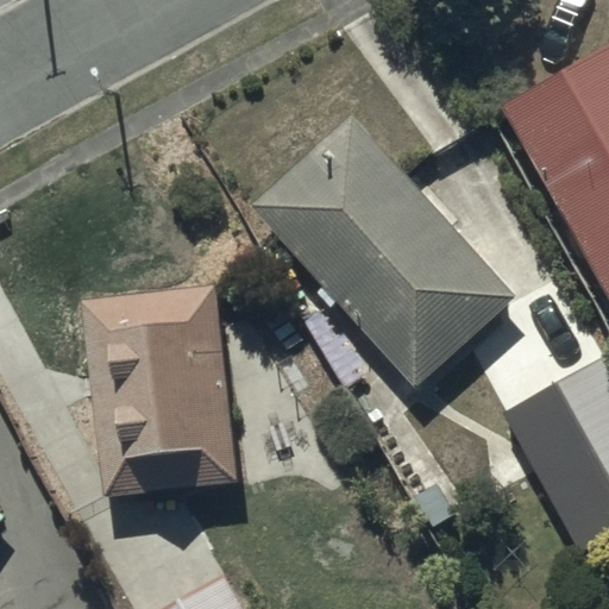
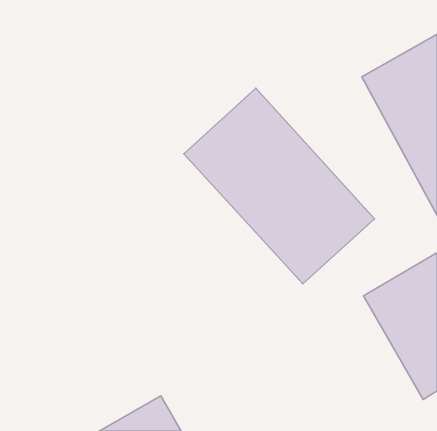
building: [81,262,240,477] -> none

